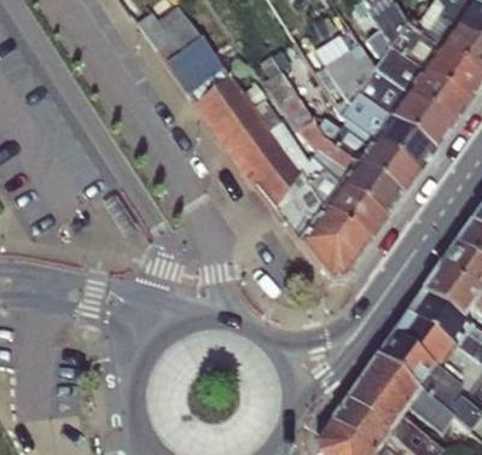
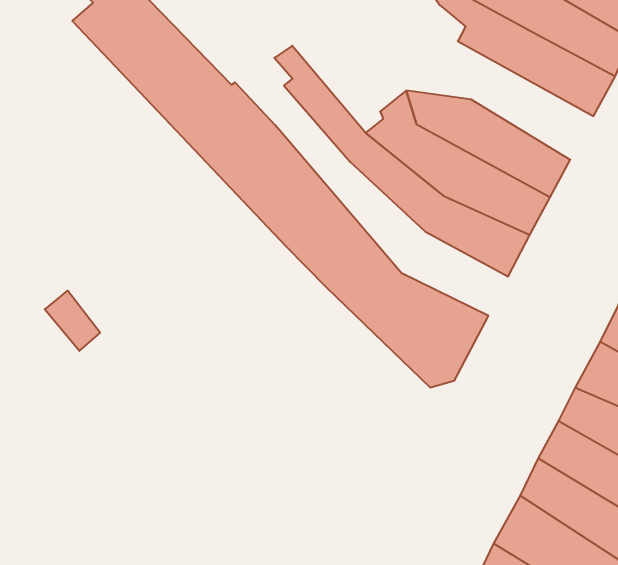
building: [320,48,453,150] -> none
building: [254,95,387,240] -> none

